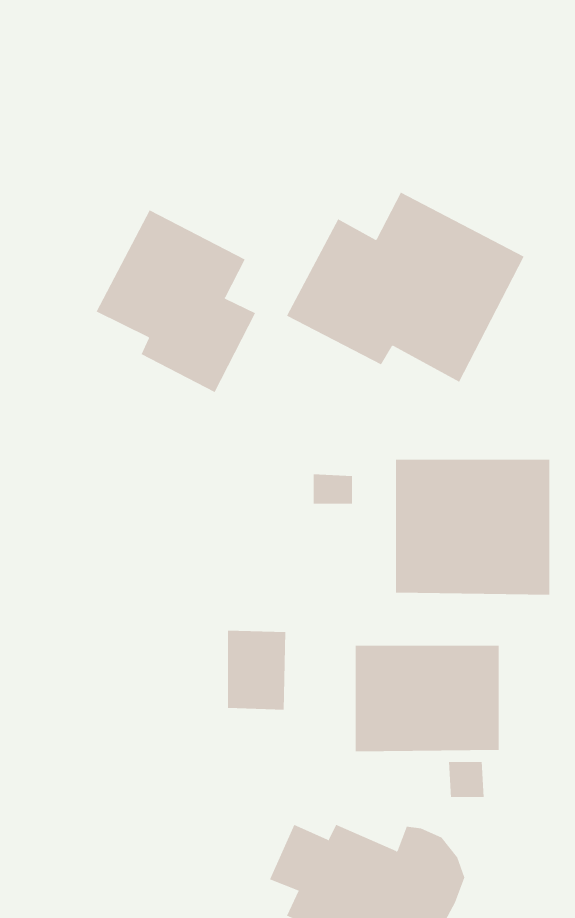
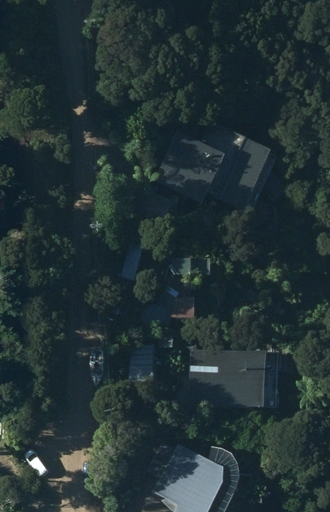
building: [96,209,256,393] -> none
building: [396,459,550,596] -> none

